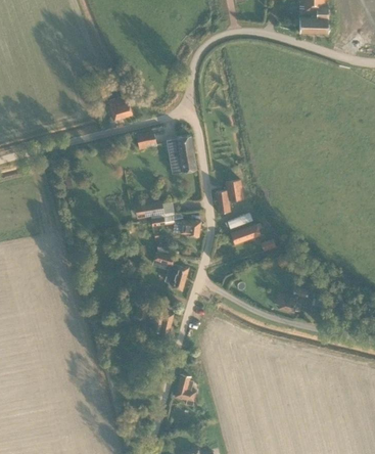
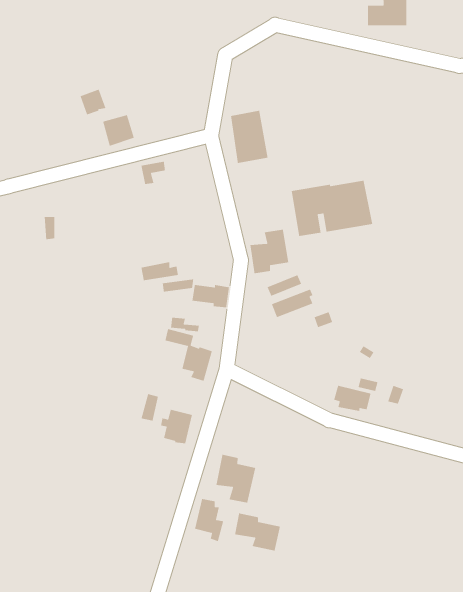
building: [169,135,196,174] -> [230,110,268,164]
building: none -> [291,180,373,237]
building: none -> [215,454,256,504]
building: none -> [234,512,281,552]

